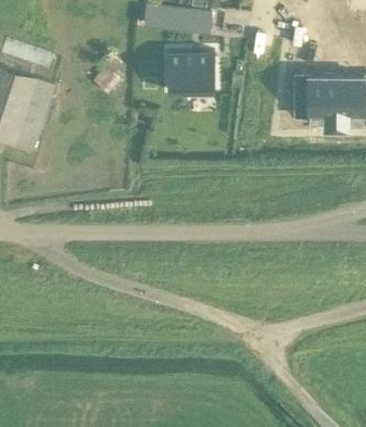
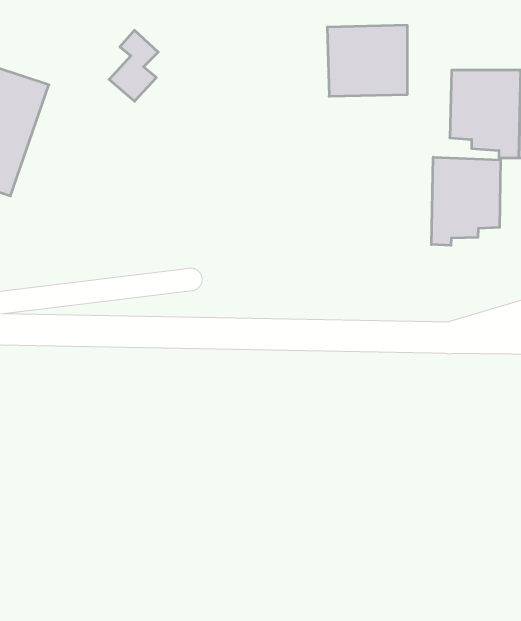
building: [164,51,212,93] -> [327,25,407,96]
building: none -> [431,157,501,245]

